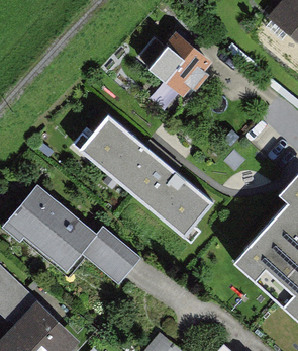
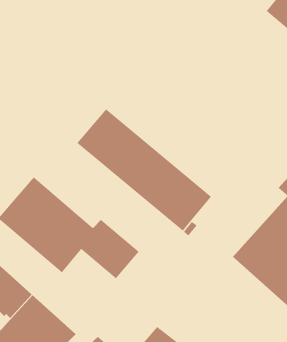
building: [145,31,212,98] -> none

